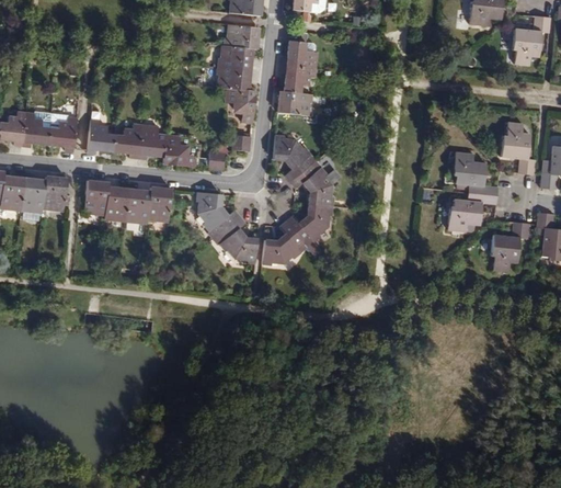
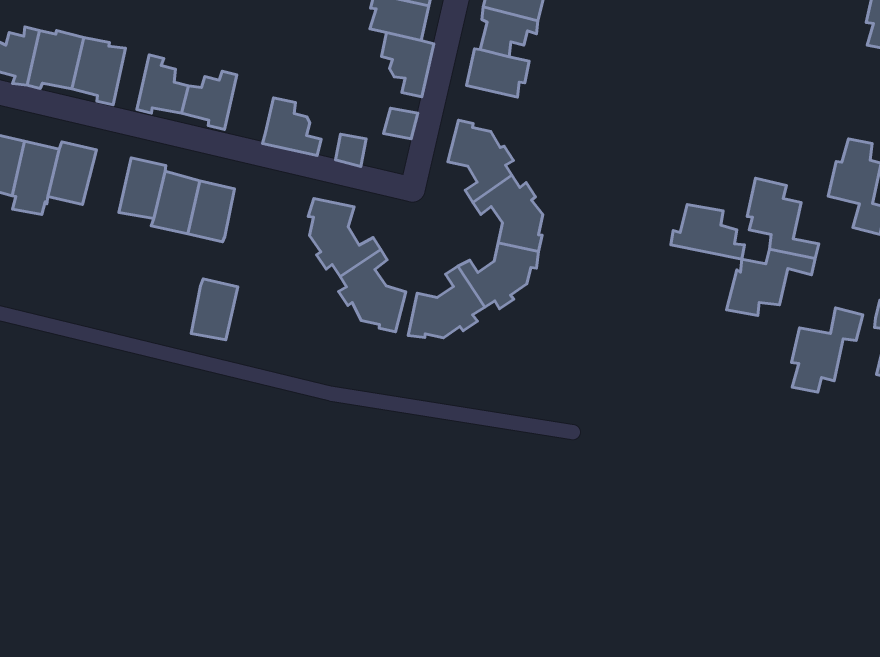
building: [140,124,167,158] -> none
building: none -> [671,205,744,259]
building: [148,186,172,220] -> [191,279,238,340]

